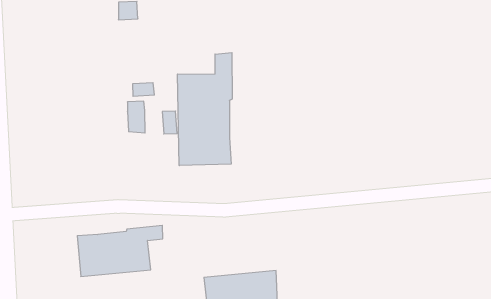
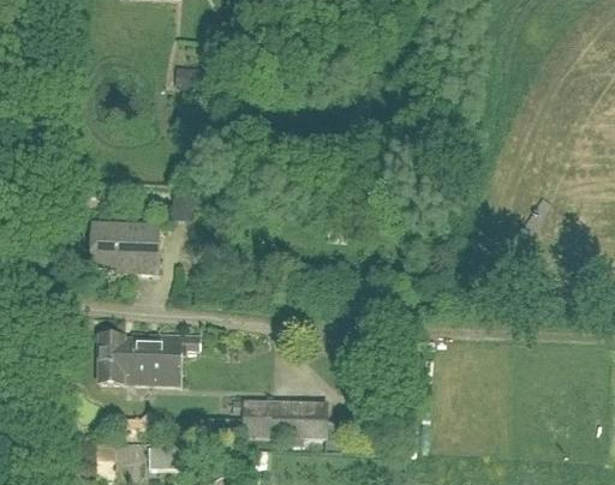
building: [178,53,232,166] -> none
building: none -> [89,220,159,271]

